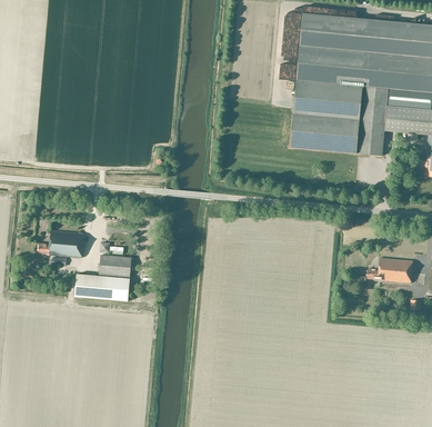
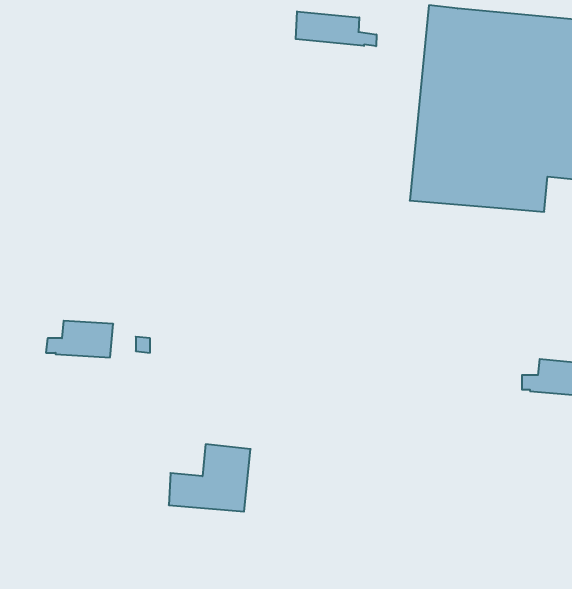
building: none -> [296,11,376,46]
building: [74,254,131,300] -> [169,444,251,512]

